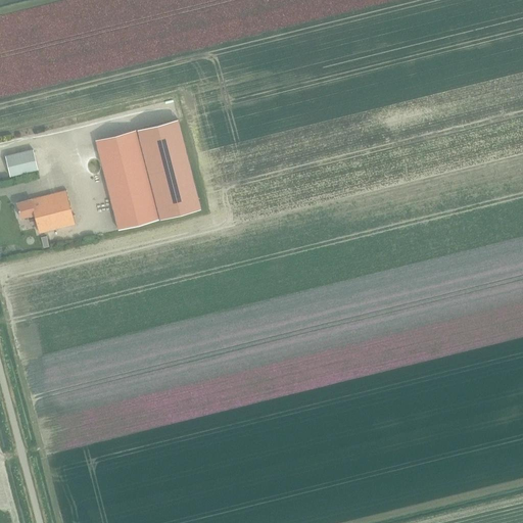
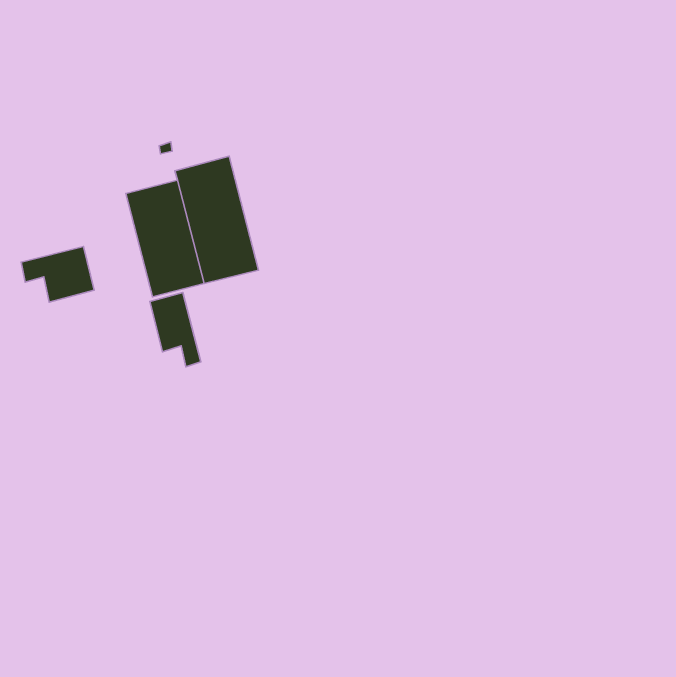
building: [4,149,36,176] -> none
building: none -> [150,292,201,367]

